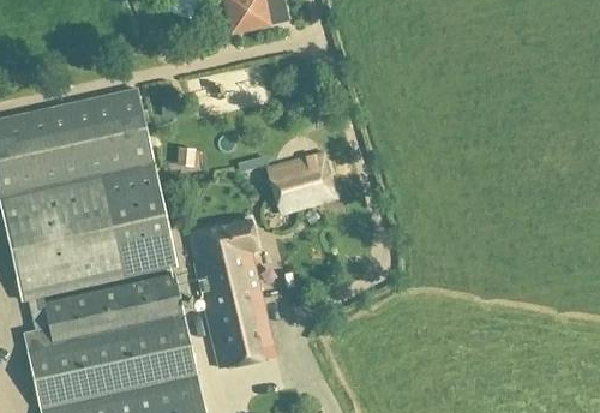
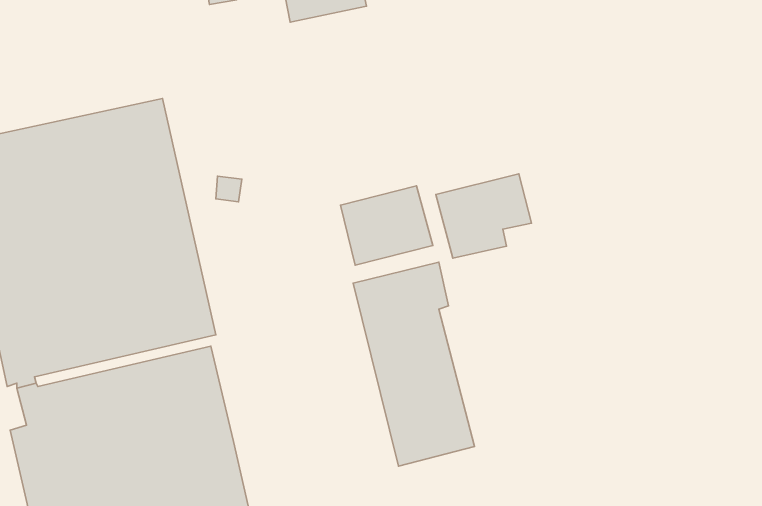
building: none -> [436,174,532,258]
building: [186,217,276,369] -> [353,262,474,466]

